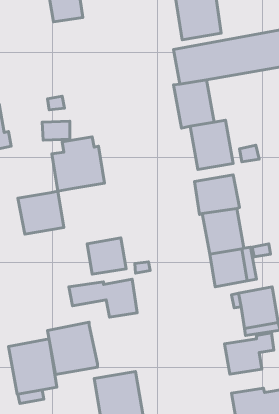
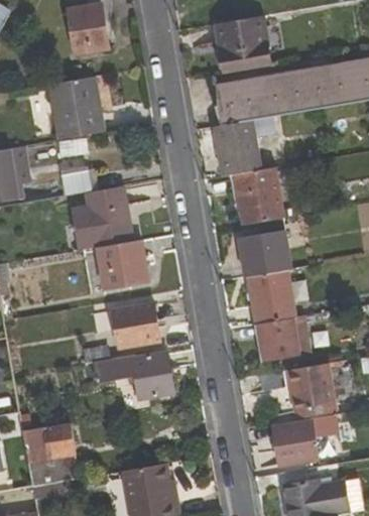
building: none -> [49,76,102,139]
building: [18,191,64,234] -> [96,239,149,289]
building: [48,322,97,374] -> none

